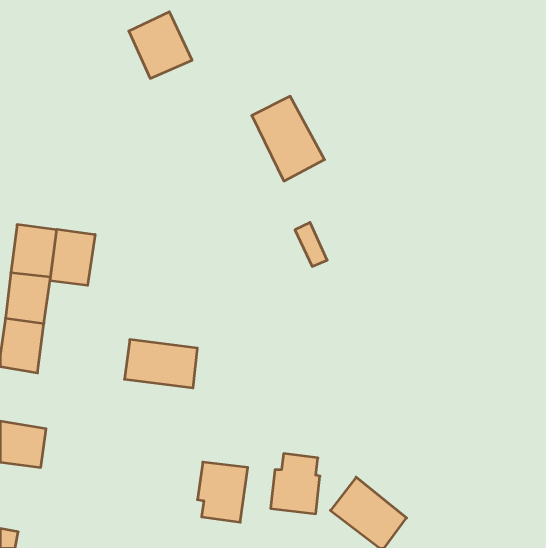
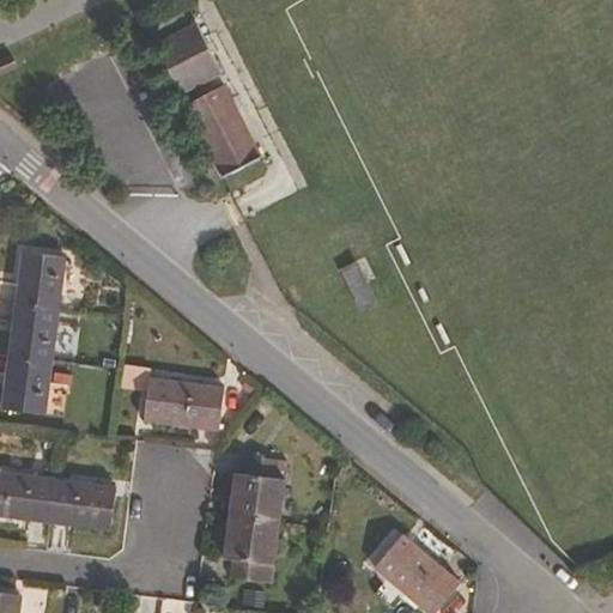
building: [252,96,325,181] -> [180,81,261,176]
building: [50,229,95,285] -> none
building: none -> [48,478,116,529]
building: [271,454,320,514] -> [229,454,284,521]

